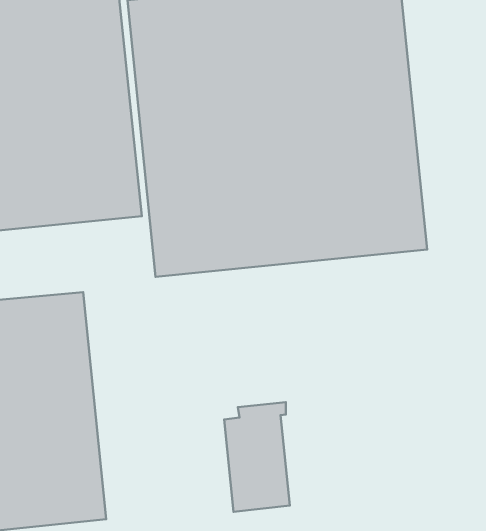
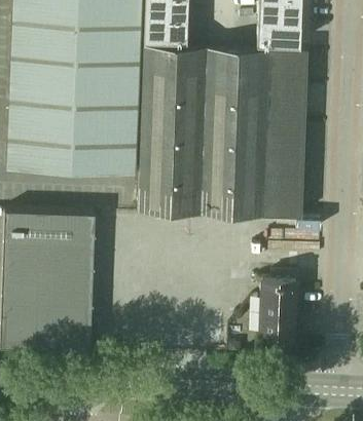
building: [224,402,290,512] -> [259,276,299,339]

